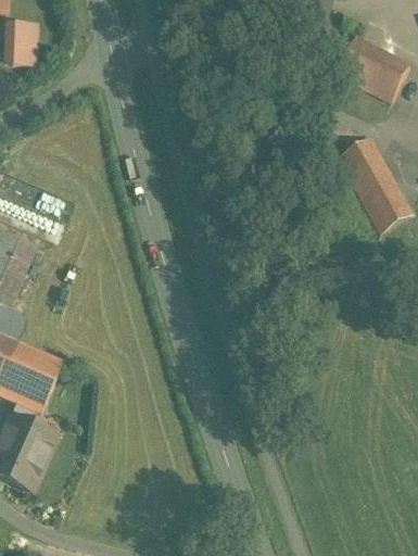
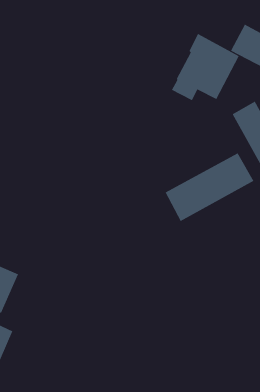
building: none -> [171,33,239,101]
building: none -> [165,153,254,222]

